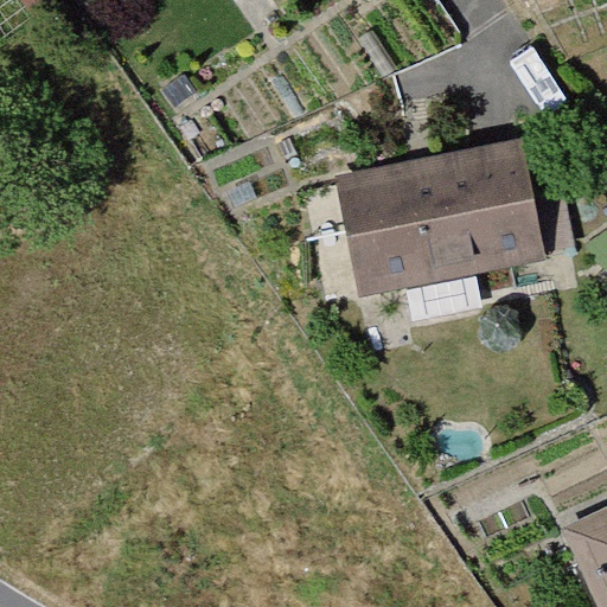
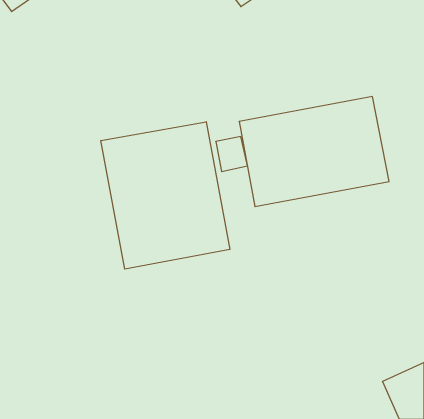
building: none -> [101,122,230,269]

